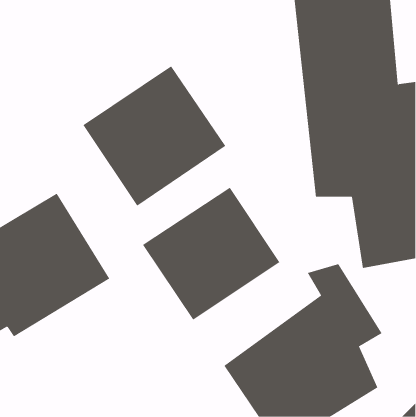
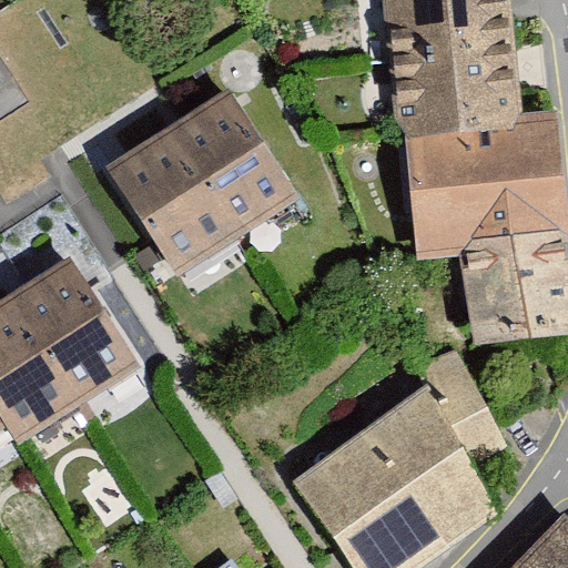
building: [142,187,280,321] -> none

